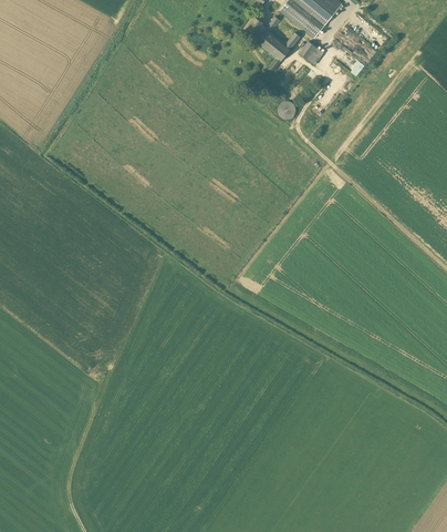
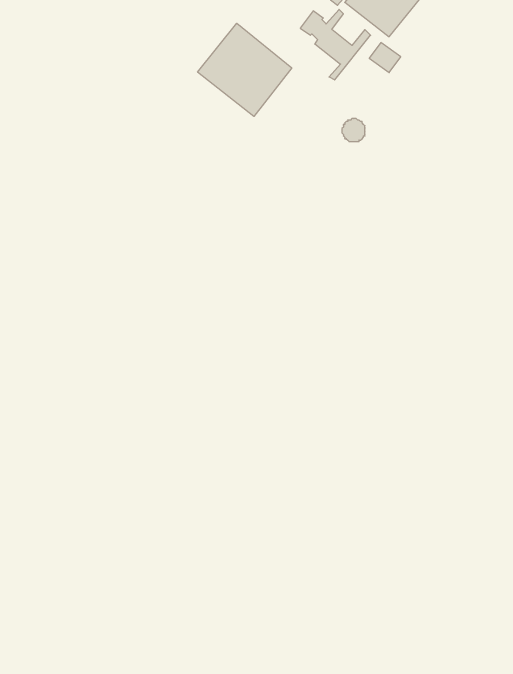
building: none -> [198,23,292,116]

